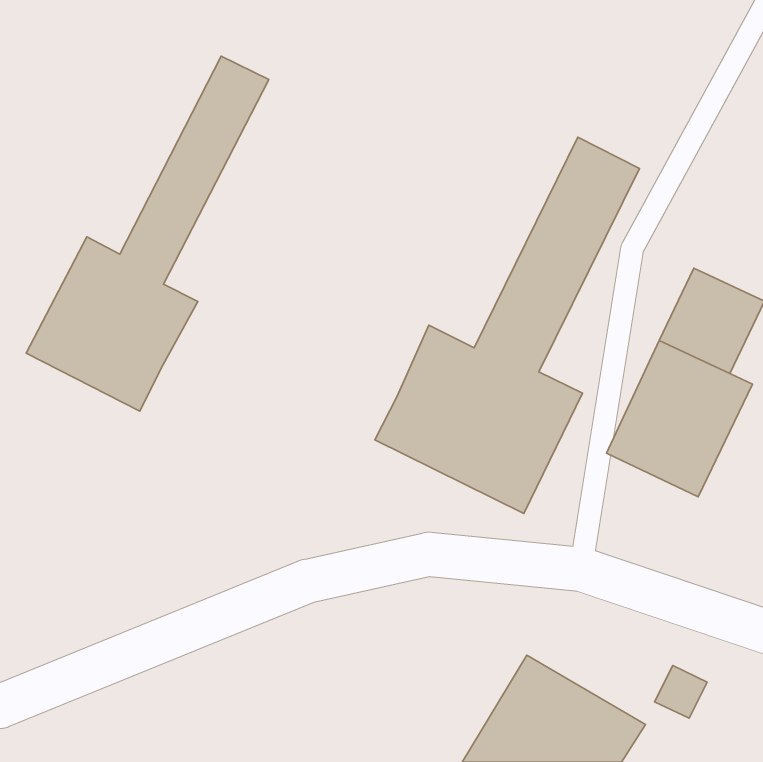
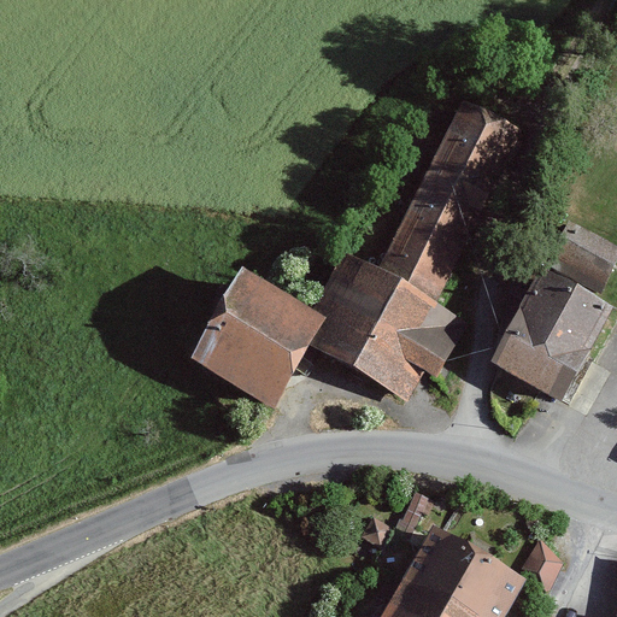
building: [26,56,269,411] -> none
building: none -> [186,269,323,406]

